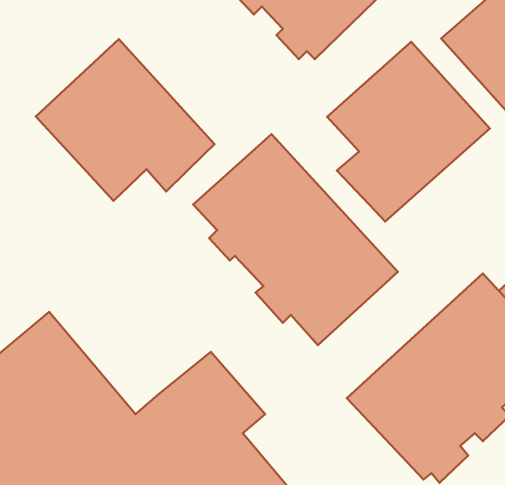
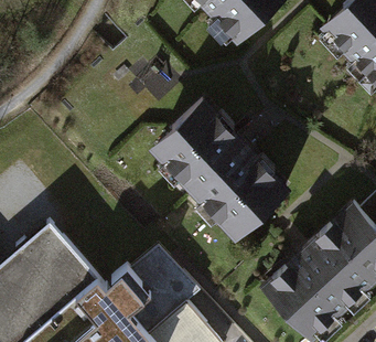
building: [36,39,215,201] -> none
building: [327,42,490,221] -> none

